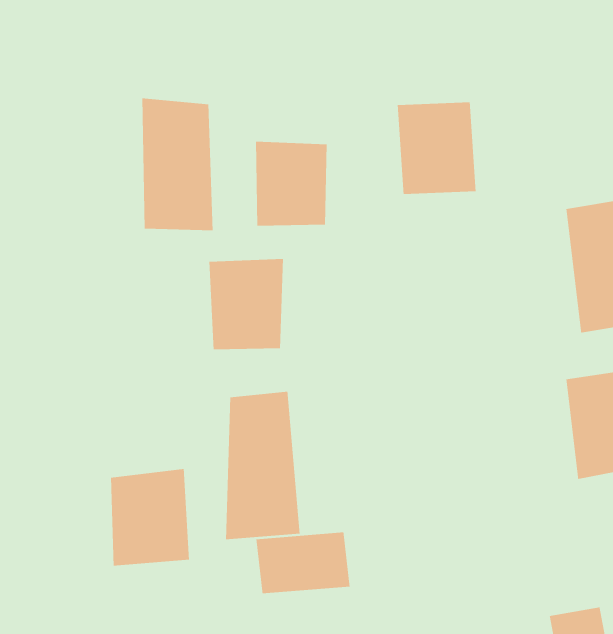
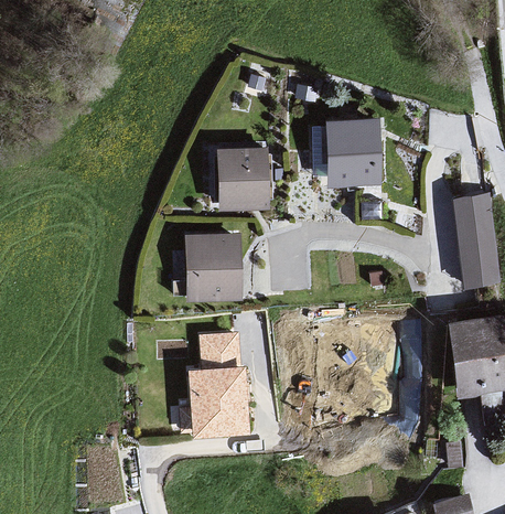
building: [142,97,214,231] -> none
building: [110,468,190,566] -> none
building: [256,532,350,594] -> none

